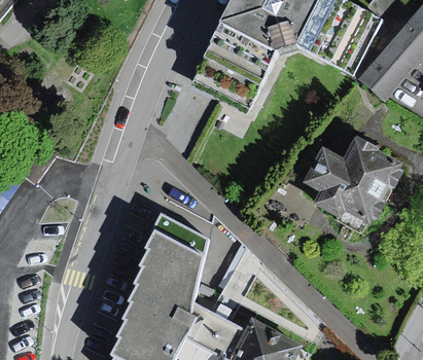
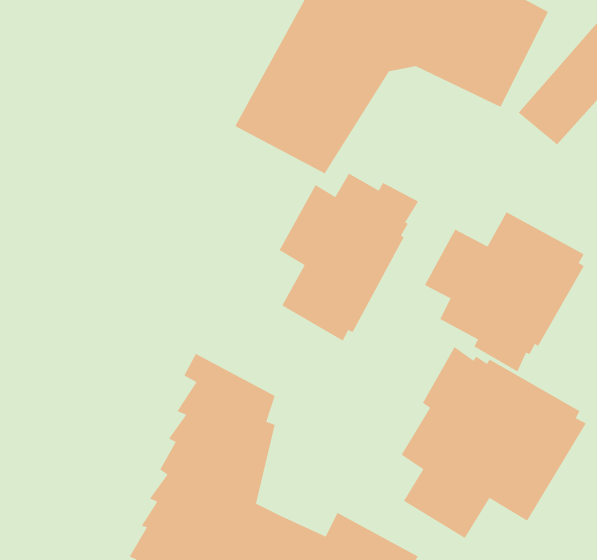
building: none -> [279,173,419,341]
building: none -> [401,346,586,539]

